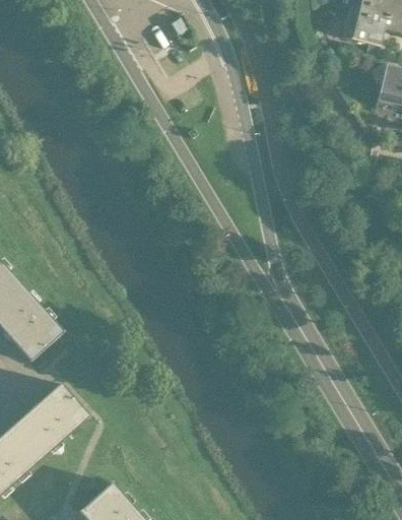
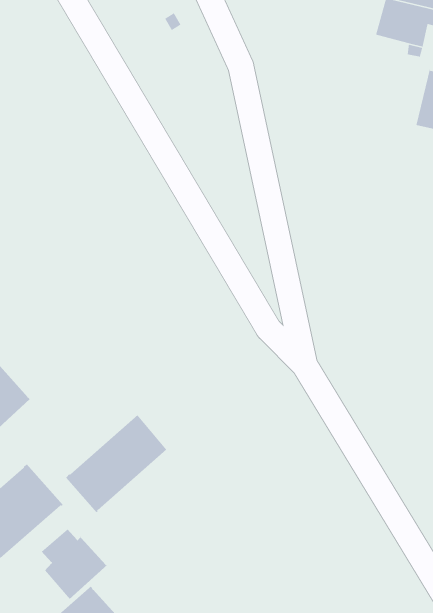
building: none -> [65,414,167,513]
building: none -> [41,528,109,600]

